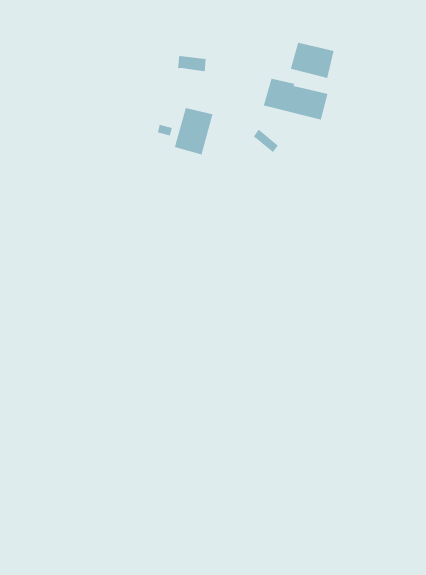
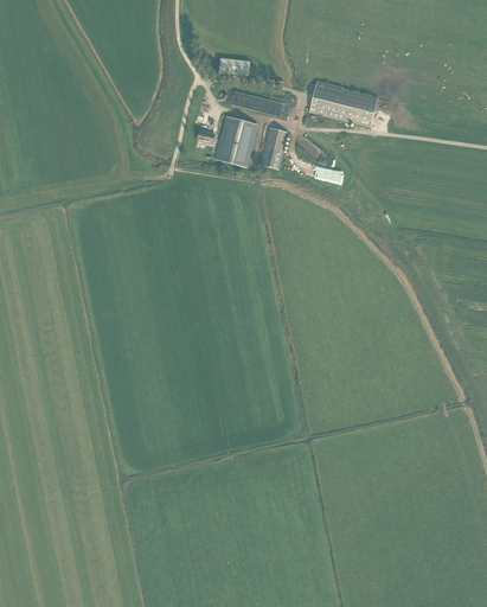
building: [290,42,335,79] -> none
building: none -> [258,127,287,168]

